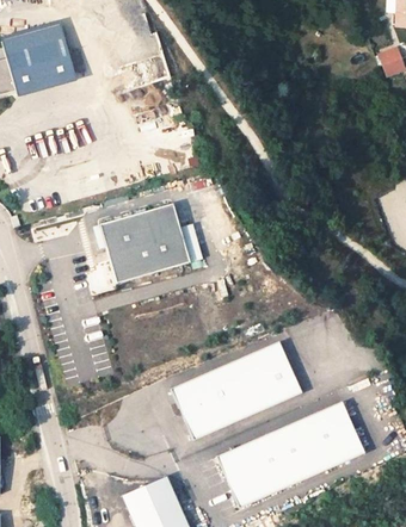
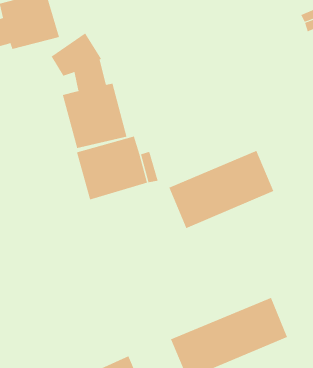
building: none -> [51,33,127,149]
building: [171,342,302,440] -> [169,150,274,229]

